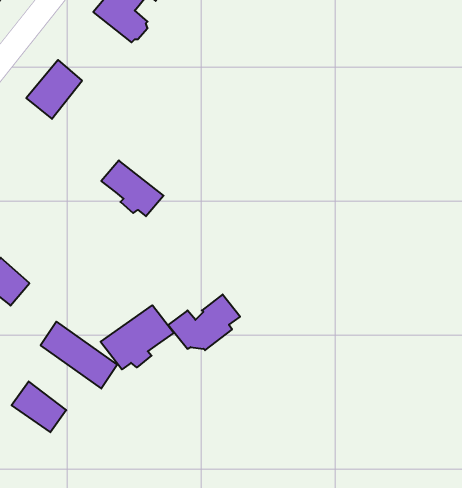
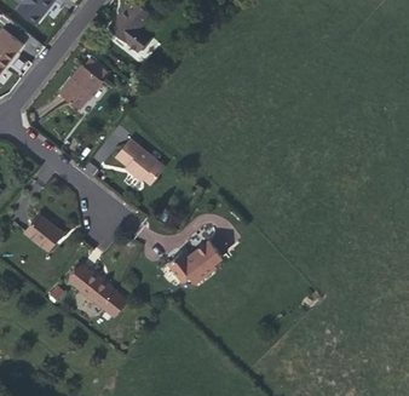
building: [101,305,174,369] -> none
building: [12,381,66,432] -> none

